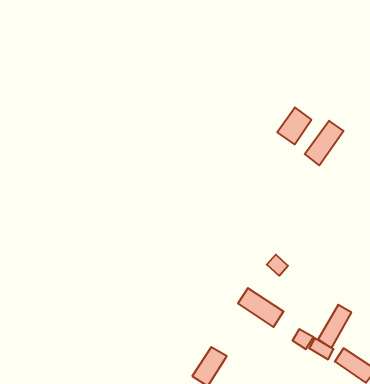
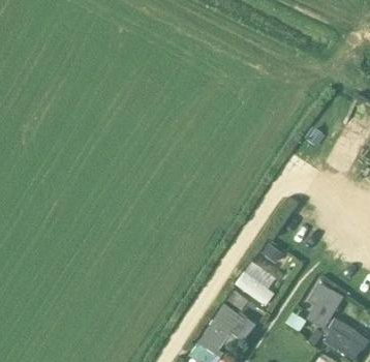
building: [277,107,311,144] -> none
building: none -> [213,306,255,342]

